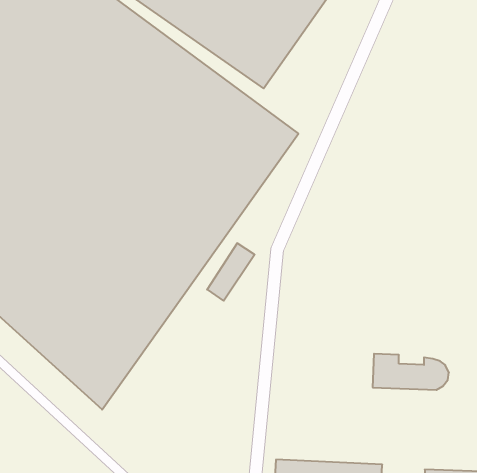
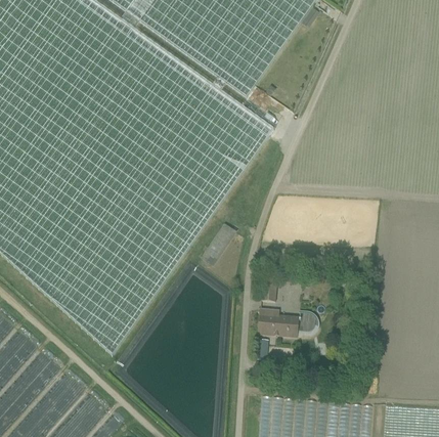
building: [373,354,449,390] -> [257,302,319,332]

